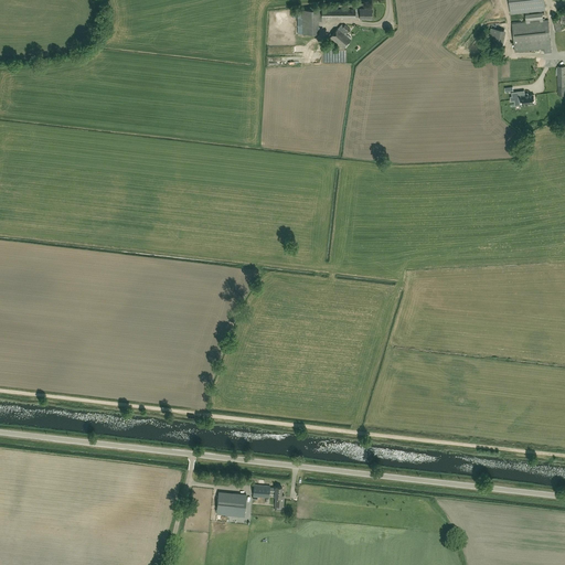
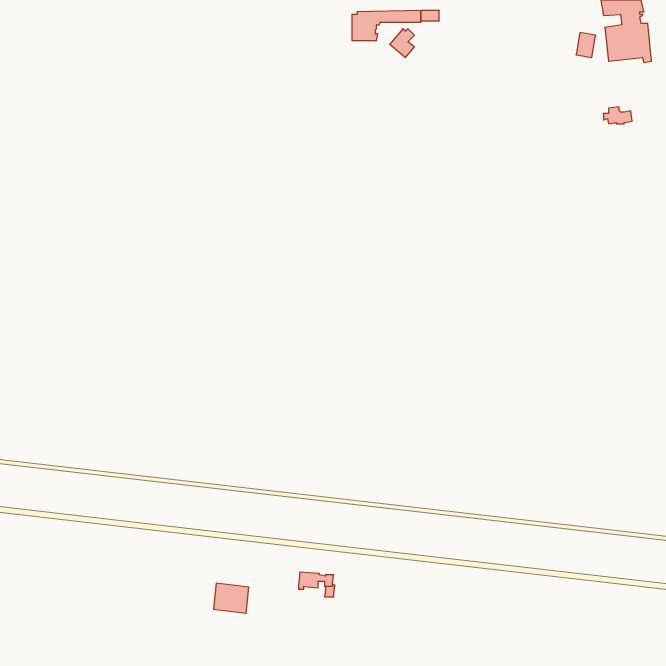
building: [216,491,246,516] -> [214,583,249,613]

